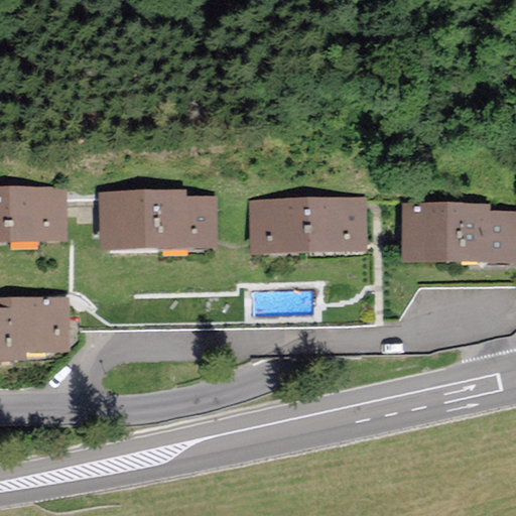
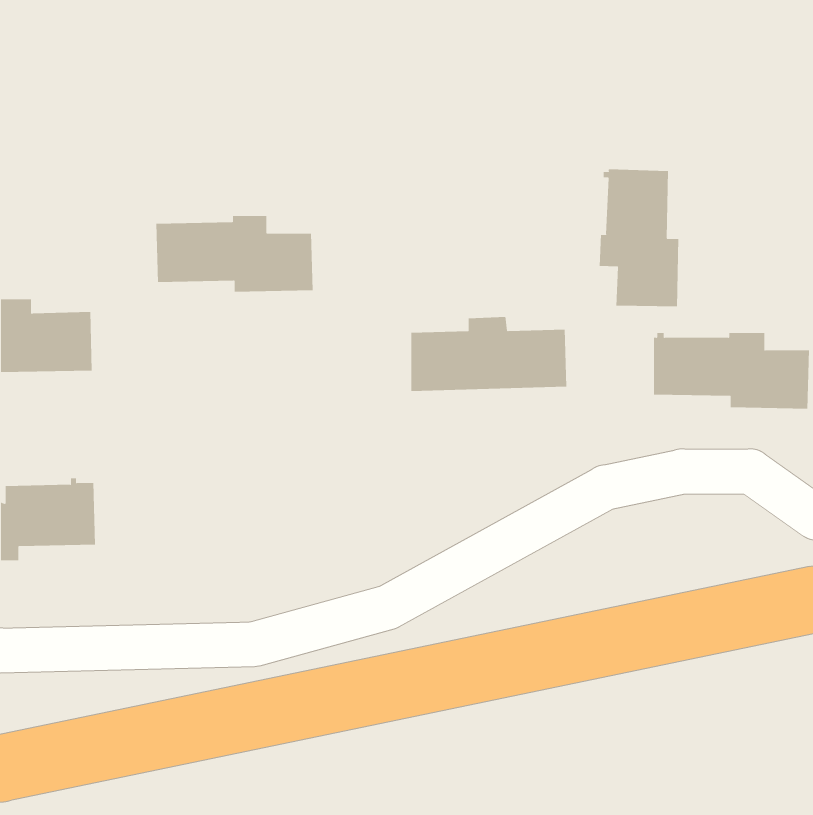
building: none -> [599,168,679,307]
building: [111,196,211,244] -> [155,215,314,292]

